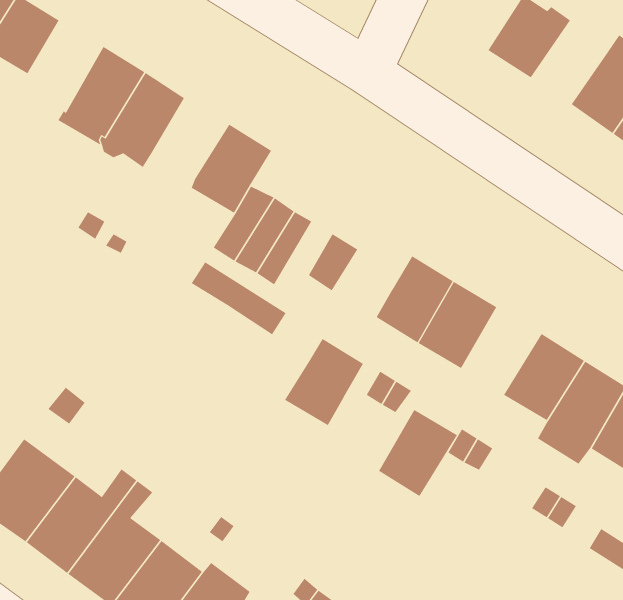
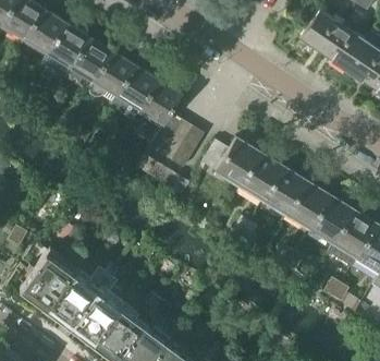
building: none -> [42,25,90,80]
building: none -> [324,25,366,71]
building: none -> [118,68,159,111]
building: [284,338,364,426] -> [216,140,259,188]
building: [378,409,458,497] -> [286,182,330,230]

